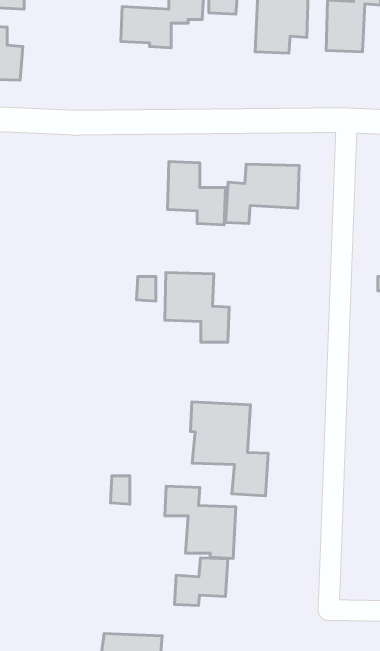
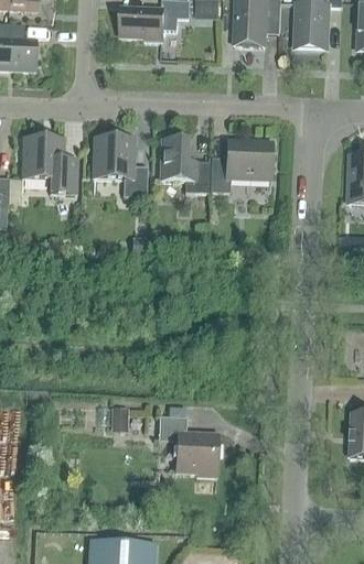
building: none -> [21,137,76,194]
building: [165,272,229,342] -> [92,137,147,196]
building: [191,402,268,496] -> none
building: [175,558,228,605] -> none

